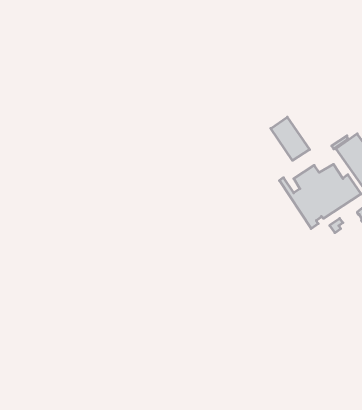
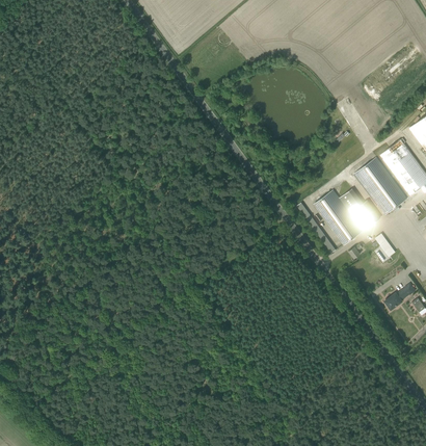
building: [271,117,310,160] -> none

